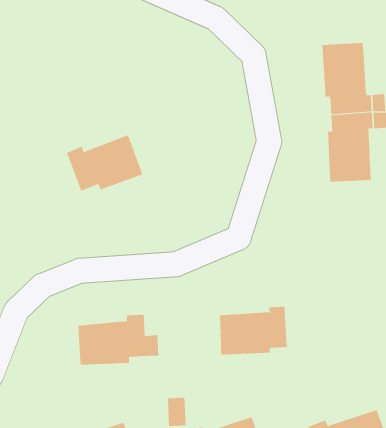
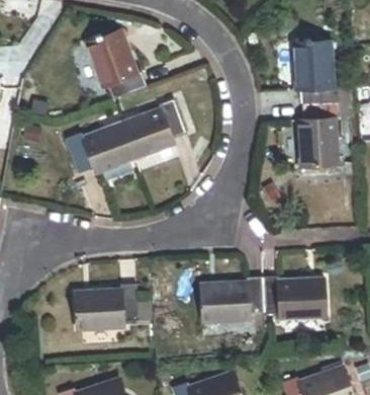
building: none -> [87,31,147,99]
building: none -> [122,100,186,159]
building: none -> [262,276,326,316]

